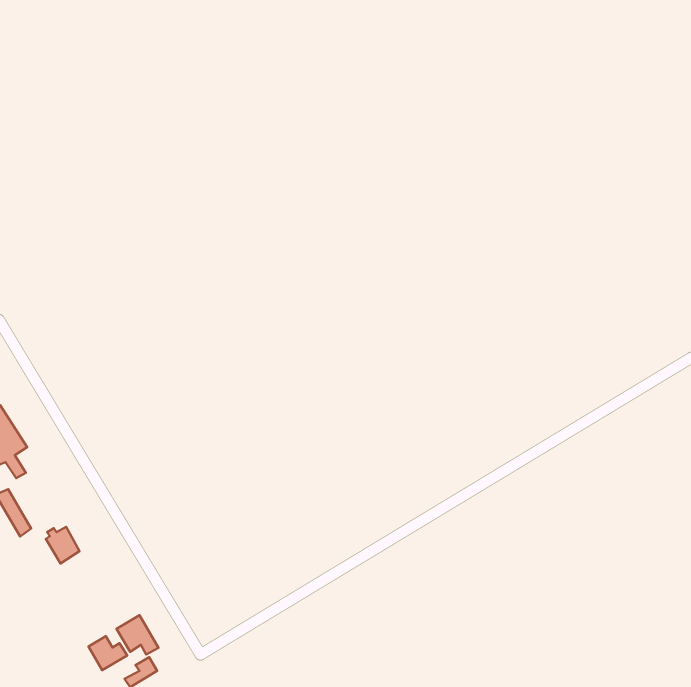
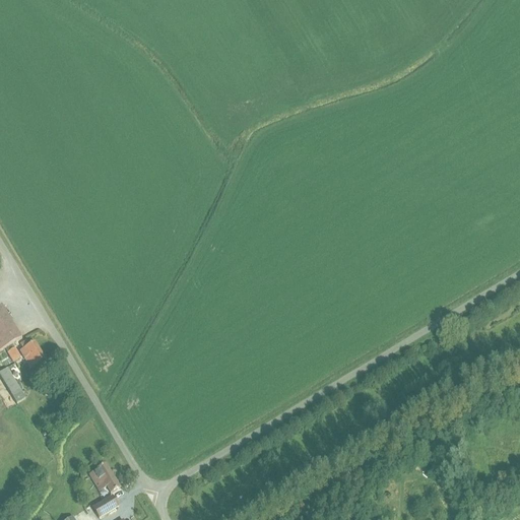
building: [46,527,80,563] -> [18,339,44,367]
building: [88,636,127,670] -> none

